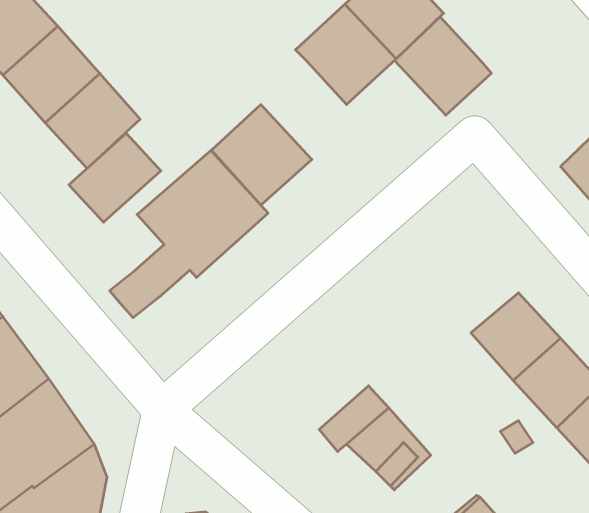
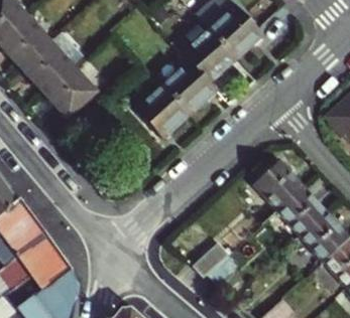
building: [395,17,491,115] -> [162,60,216,115]
building: [69,133,161,222] -> none
building: [110,150,268,318] -> none
building: none -> [255,161,305,210]

